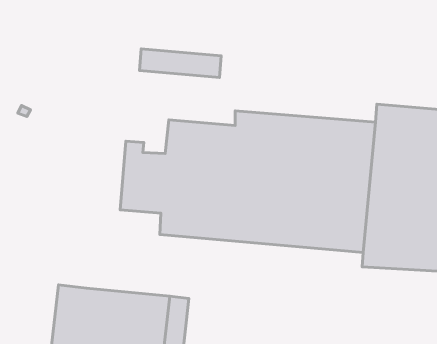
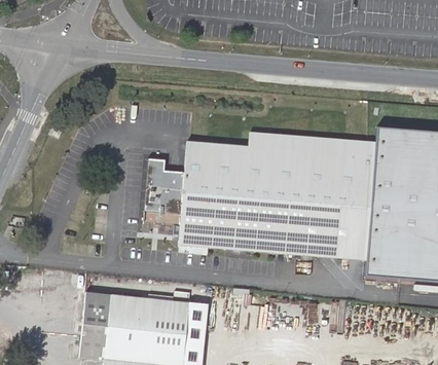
building: [139,49,221,77] -> none

